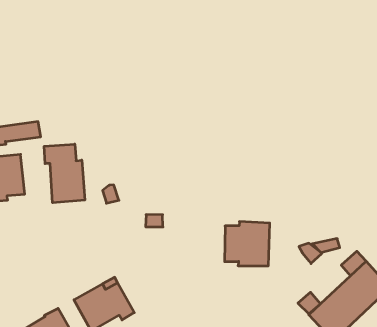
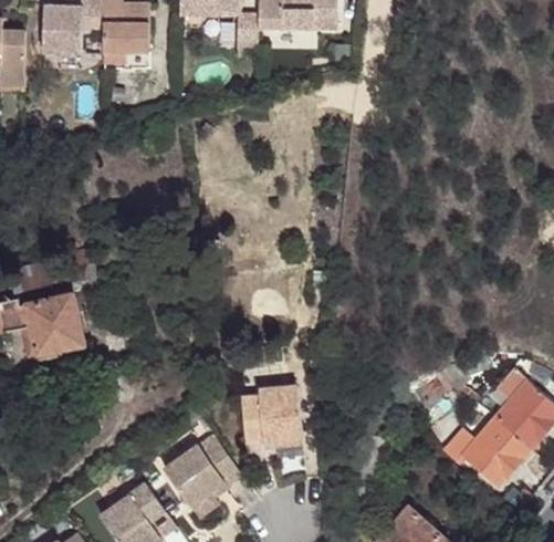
building: [44,144,85,203] -> none
building: [225,222,270,266] -> [241,388,302,447]

